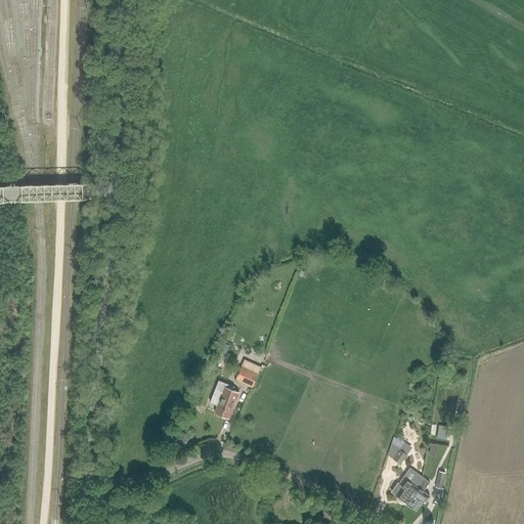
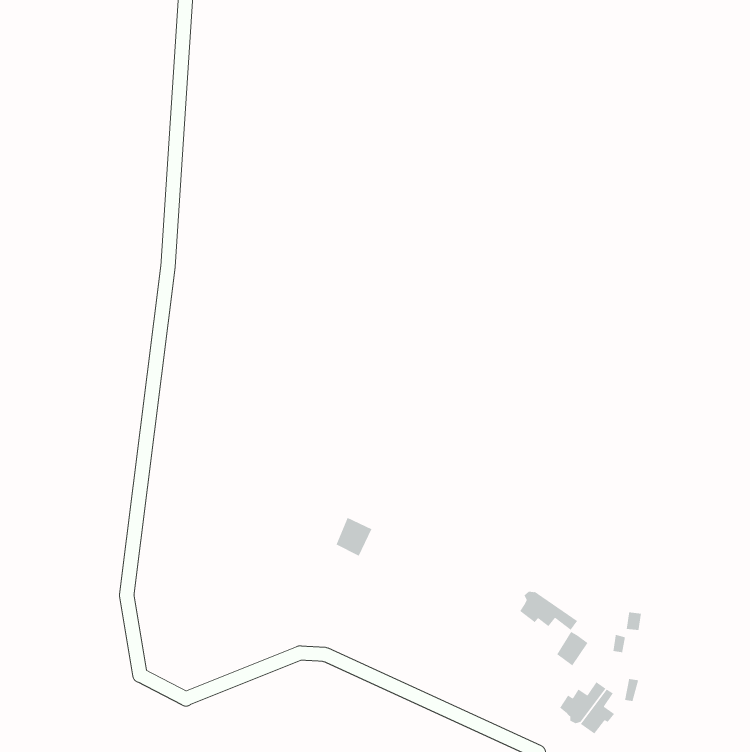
building: [210,380,238,417] -> none
building: none -> [519,590,578,631]

